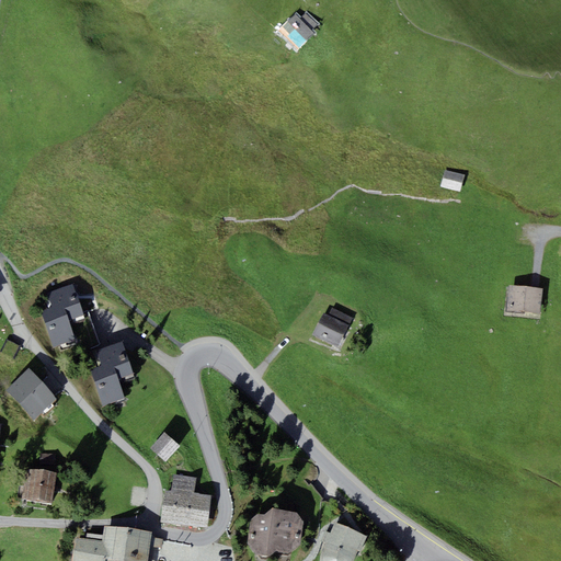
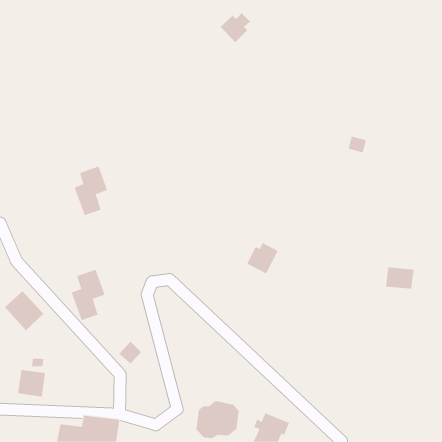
building: [41,284,83,347] -> [74,166,108,216]
building: [506,290,543,319] -> [385,267,414,289]
building: [161,474,210,527] -> none

